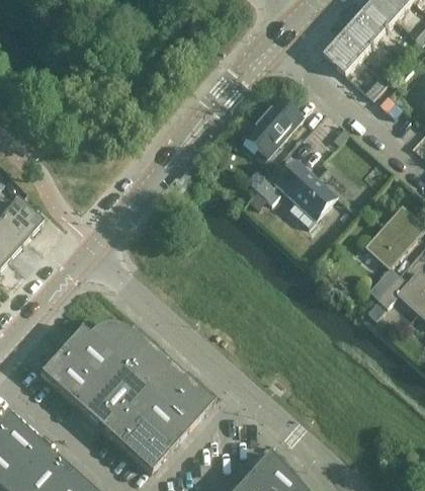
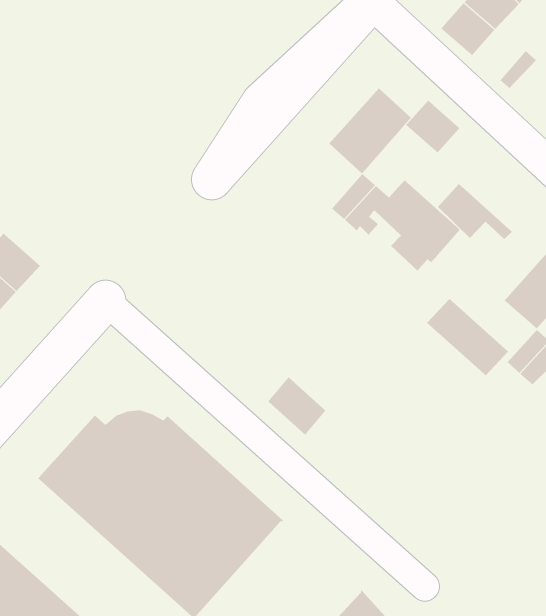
building: none -> [405,100,460,153]
building: none -> [437,183,513,240]
building: none -> [426,298,509,376]
building: none -> [268,377,326,435]

